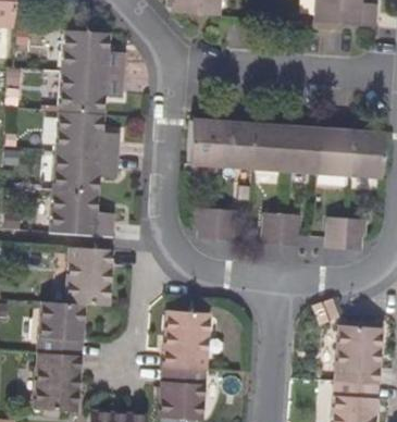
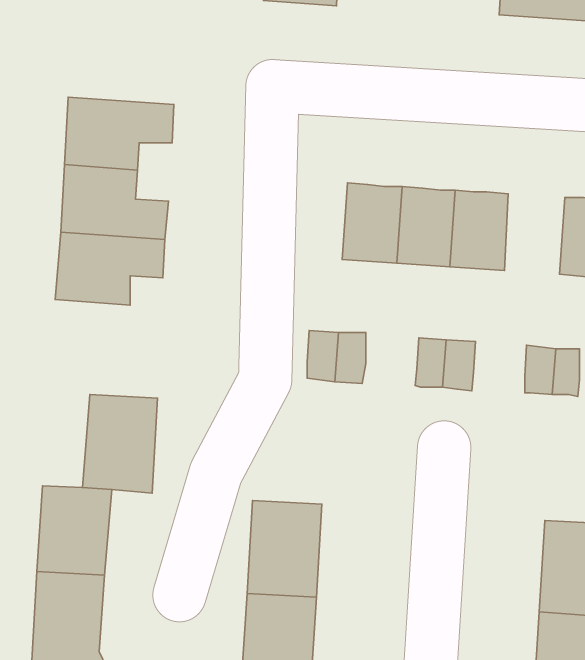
building: [58,29,123,74] -> none
building: [187,120,224,166] -> none
building: [318,127,353,175] -> none
building: [48,190,112,236] -> none

